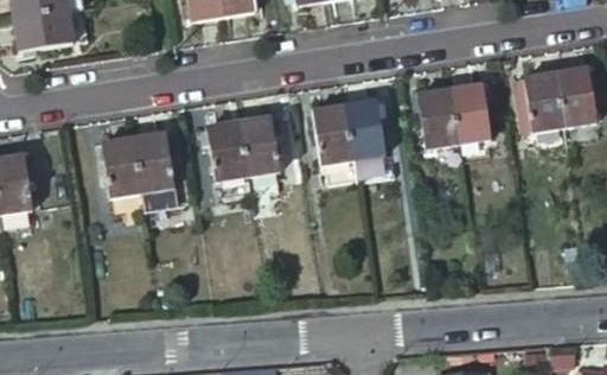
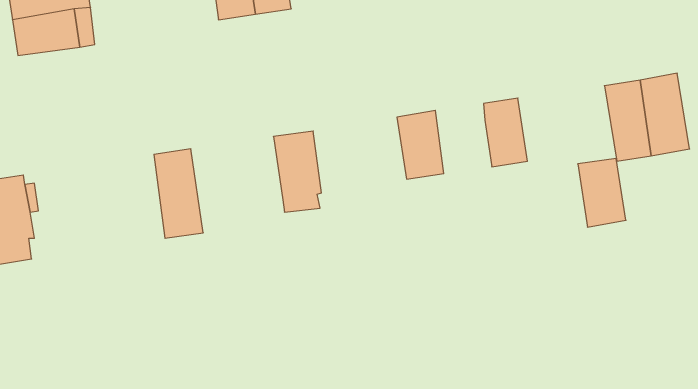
building: [449,82,491,141] -> [578,158,626,227]
building: [314,103,353,161] -> none
building: [209,120,247,179] -> none
building: [103,135,145,211] -> none

